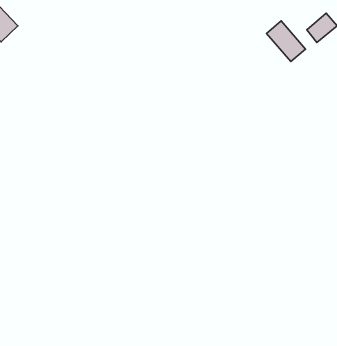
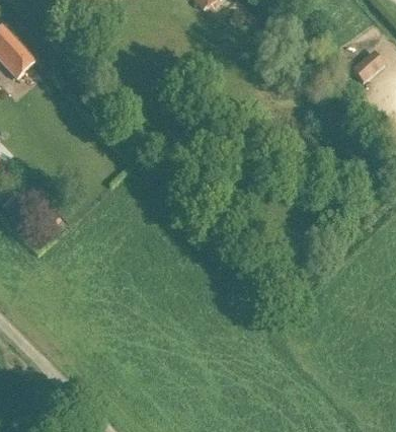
building: [267,21,305,62] -> none

